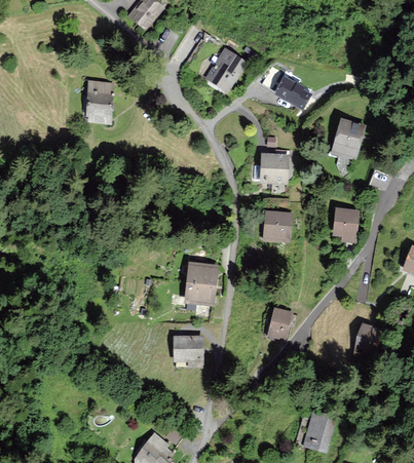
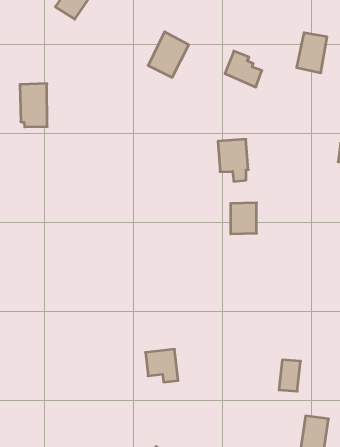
building: [332,120,363,158] -> [297,33,327,73]
building: [333,208,357,241] -> none
building: [187,264,216,303] -> none
building: [268,308,291,338] -> [279,360,301,391]

